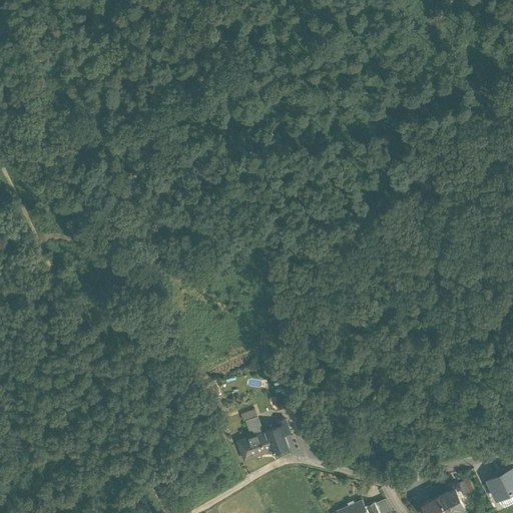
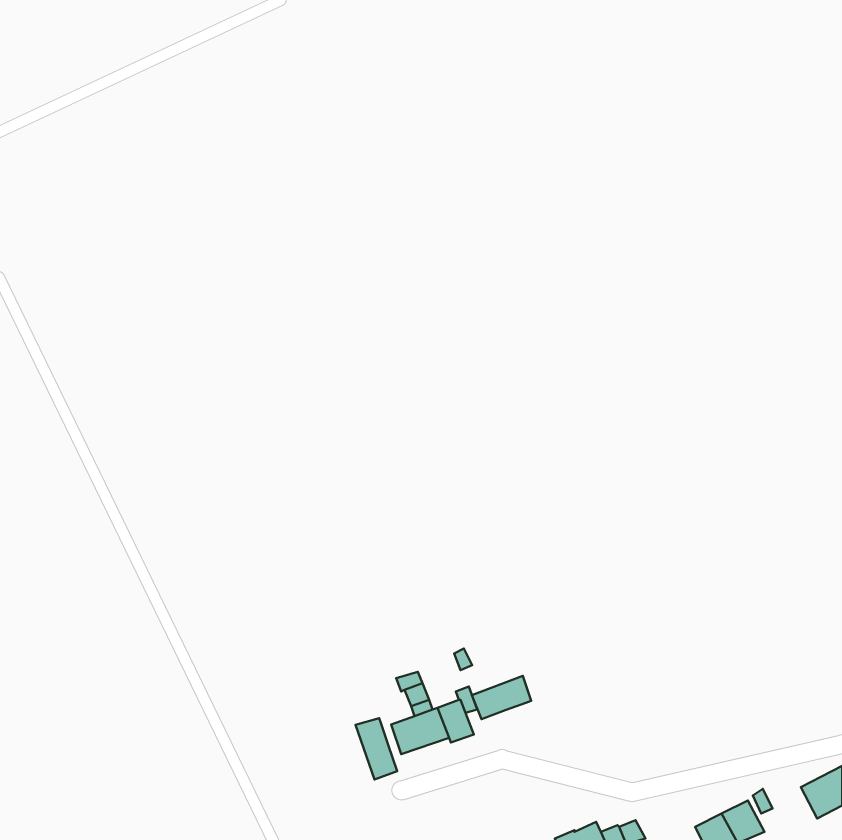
building: none -> [472,676,531,719]
building: none -> [356,718,397,780]

